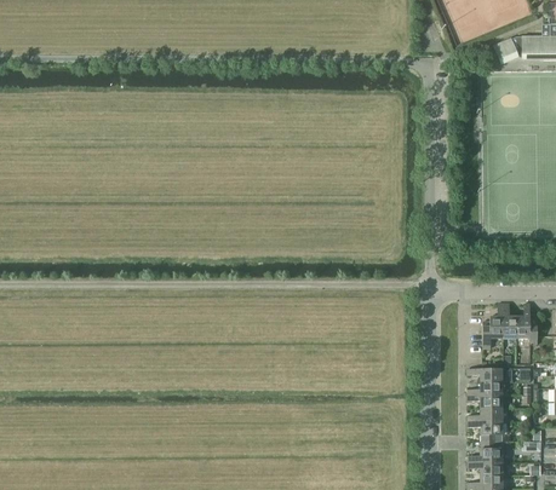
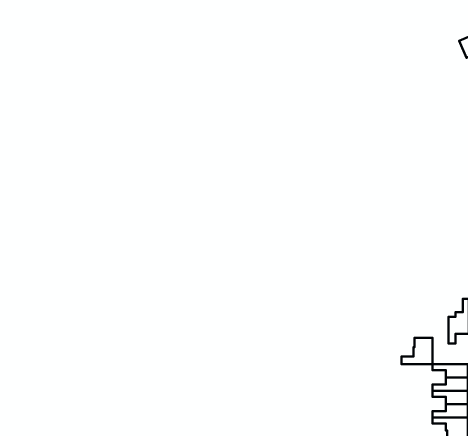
building: none -> [402,338,433,364]

